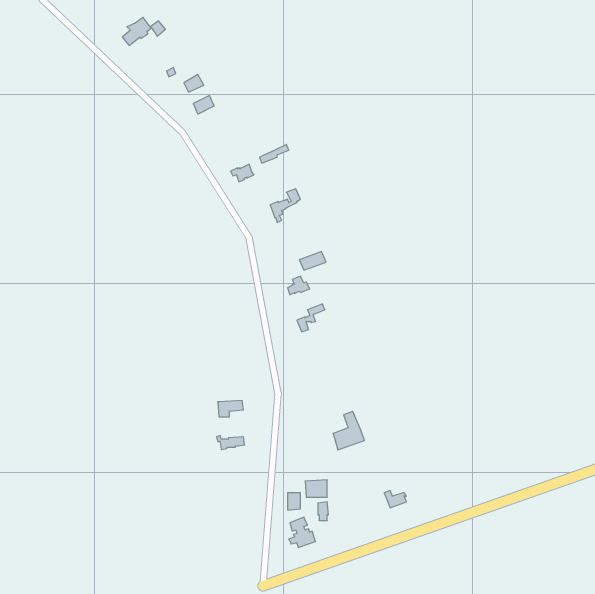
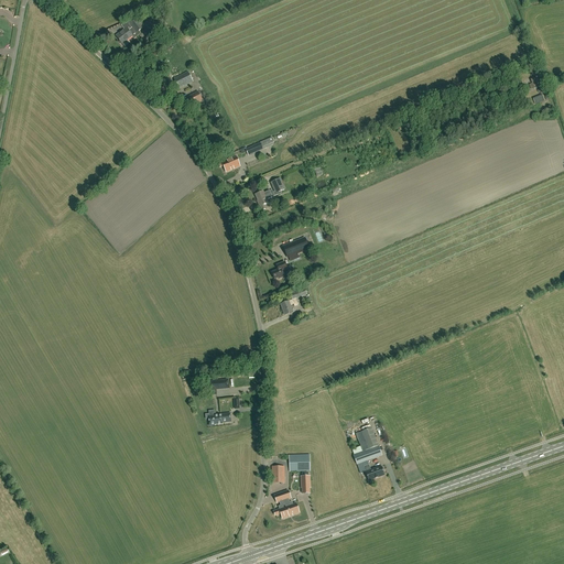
building: [333,411,364,450] -> [352,427,382,464]

